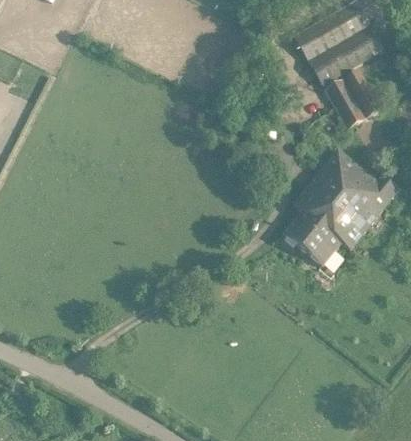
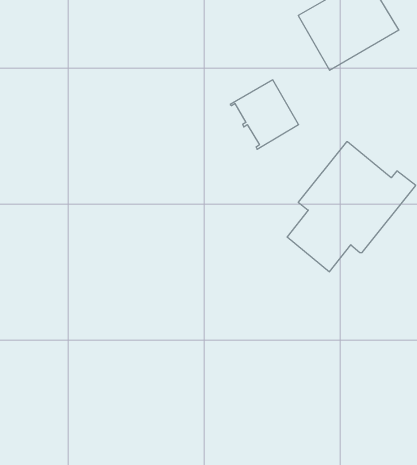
building: [322,70,383,132] -> [230,80,299,149]

